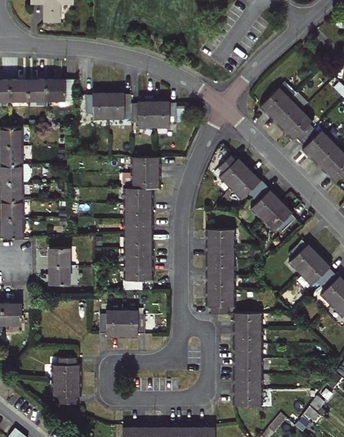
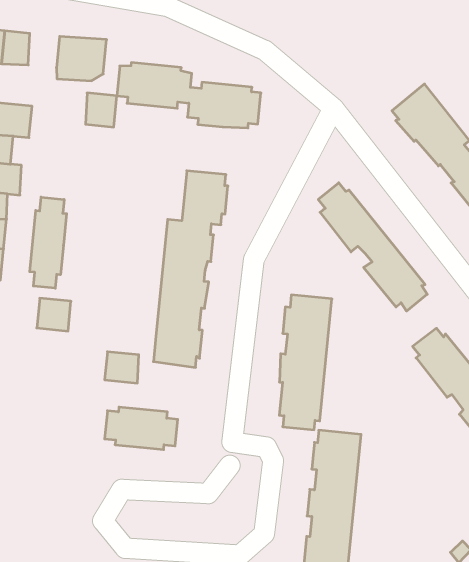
building: [26,81,45,101] -> [86,93,117,127]
building: none -> [30,197,67,288]
building: [49,267,70,285] -> [105,352,139,383]
building: [54,359,78,405] -> none

